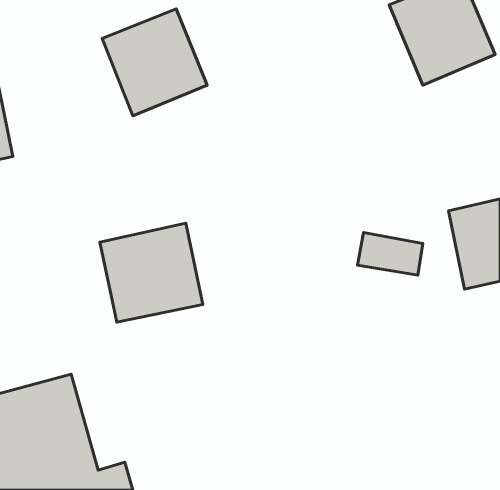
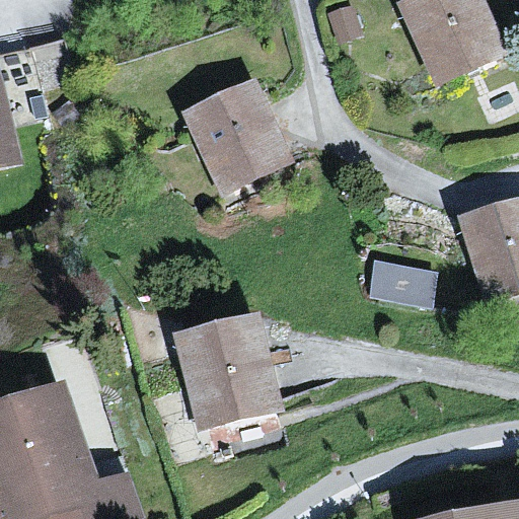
building: [102,9,207,116] -> [186,83,293,193]
building: [100,223,203,322] -> [175,317,281,419]

